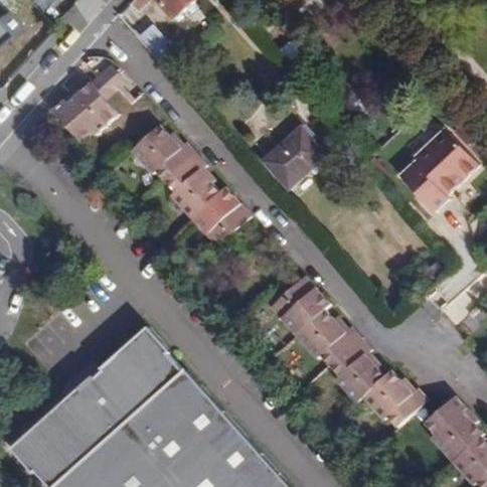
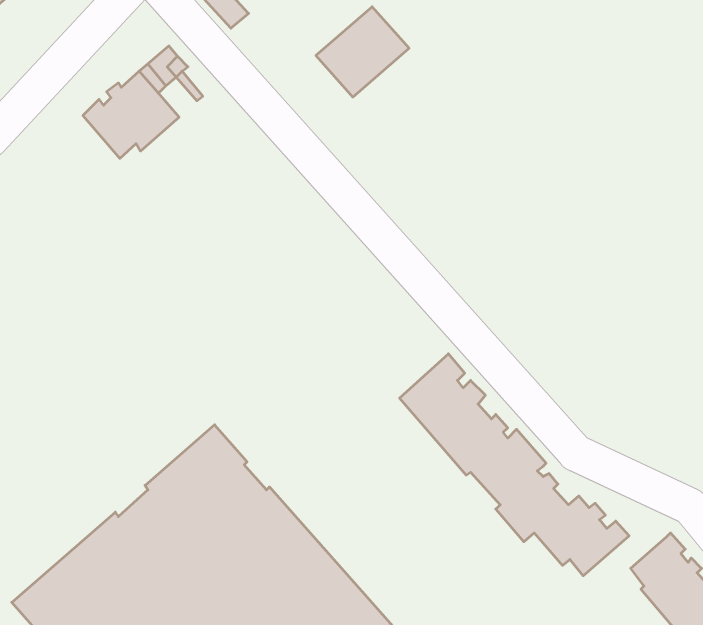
building: [389,120,469,204] -> none
building: [262,127,325,188] -> [316,7,409,97]
building: [135,128,254,250] -> none

